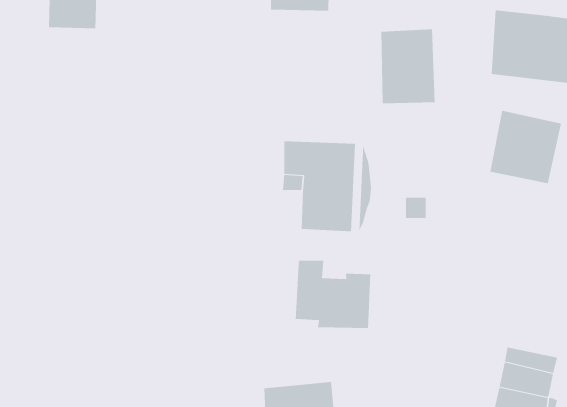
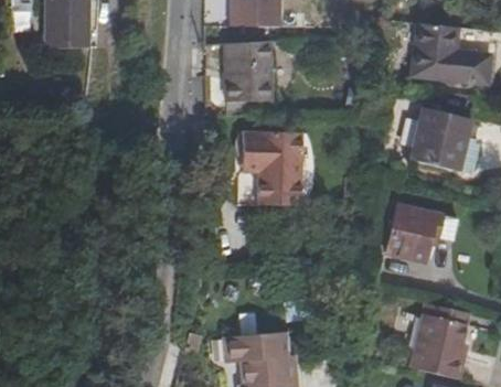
building: [381,29,435,104] -> [225,42,270,104]
building: none -> [384,205,458,262]
building: [295,260,371,329] -> none

